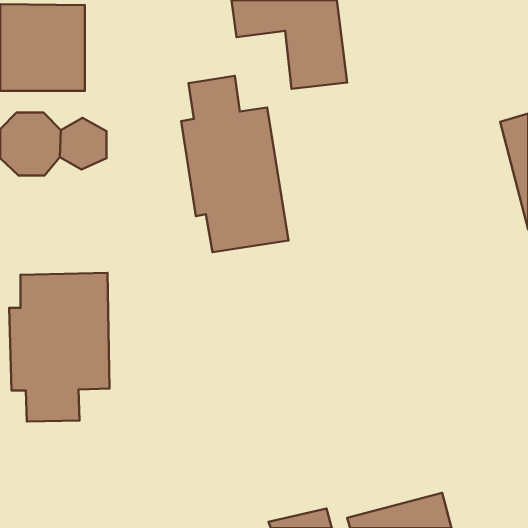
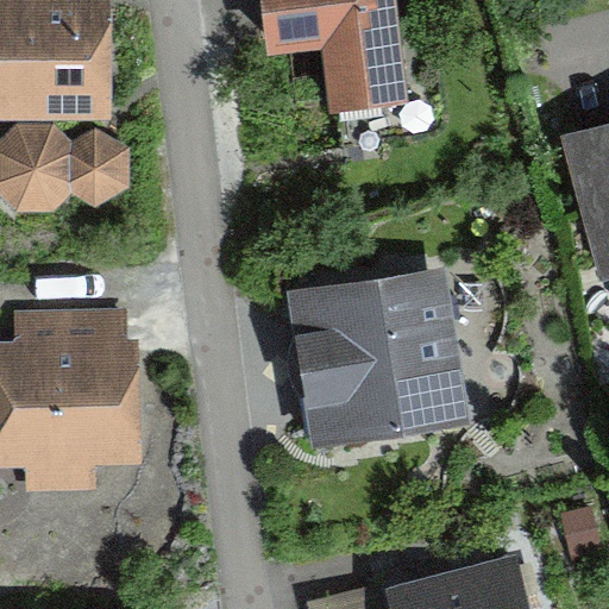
building: [181,76,289,252] -> none
building: none -> [307,278,454,427]

